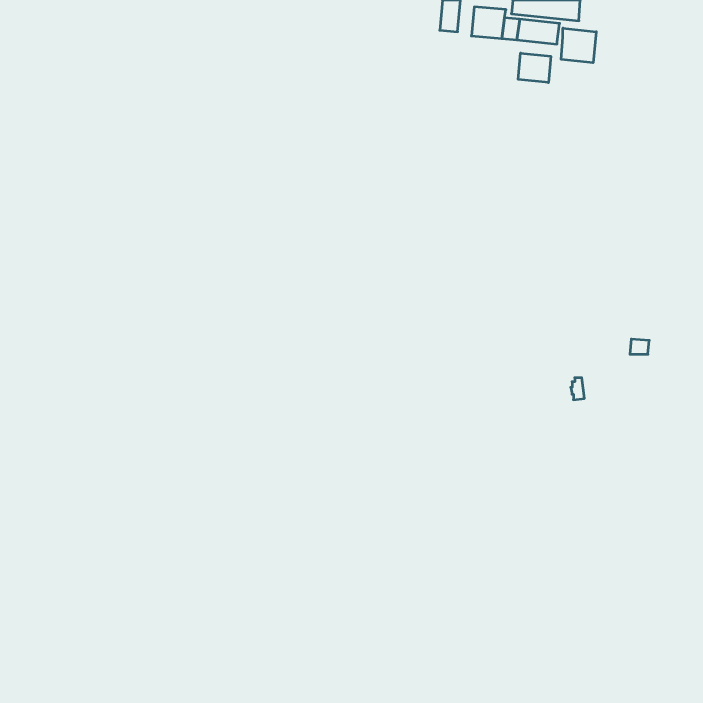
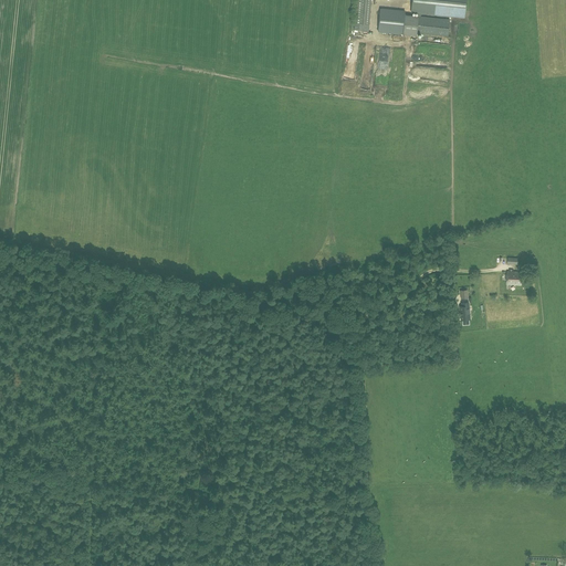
building: [561,28,596,63] -> none
building: [518,53,551,83] -> none

